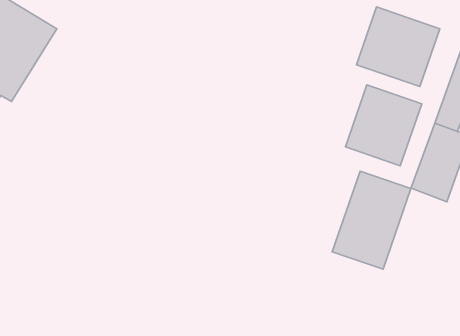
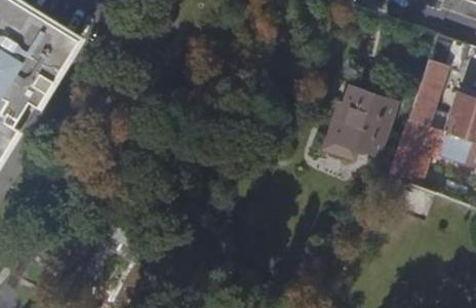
building: [356,7,440,87] -> none
building: [332,171,411,269] -> none

